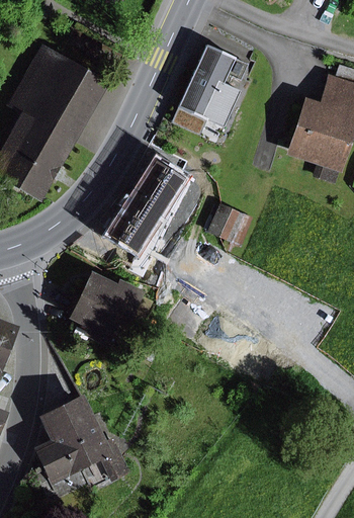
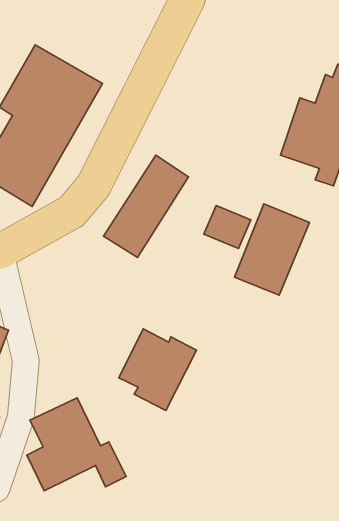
building: [173,46,249,136] -> none
building: none -> [235,204,309,295]
building: [67,270,144,351] -> [119,329,196,411]

